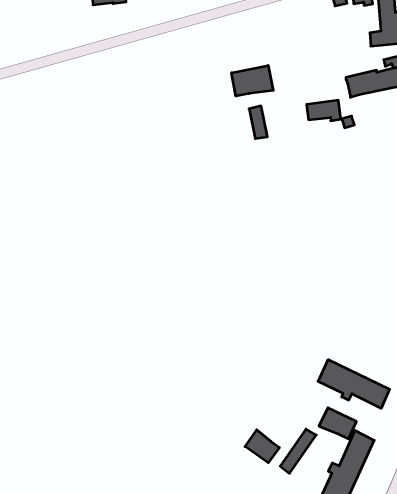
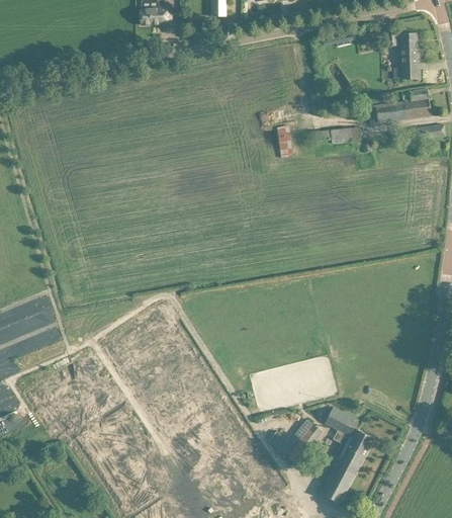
building: [232,65,273,96] -> none
building: [318,360,390,408] -> none
building: [245,430,279,463] -> none

